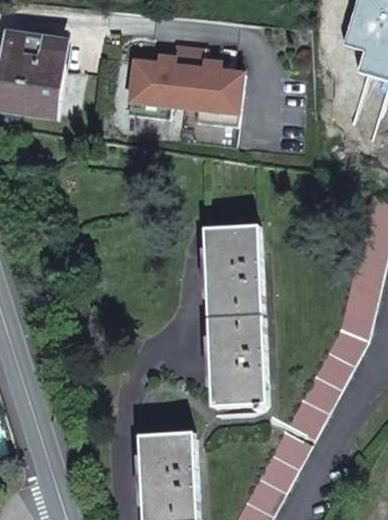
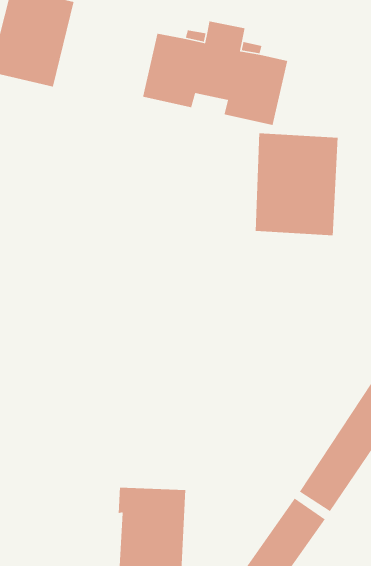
building: none -> [255,133,338,236]
building: [205,225,268,410] -> none

